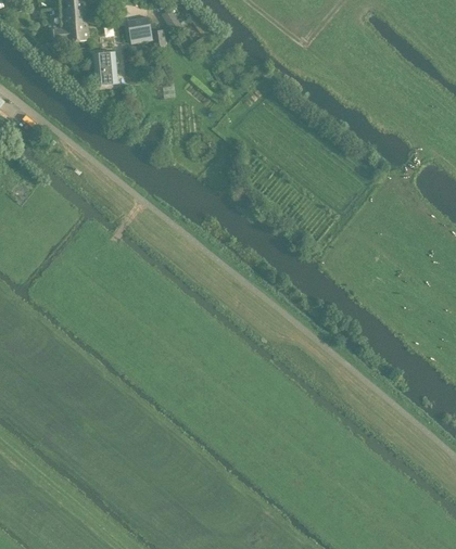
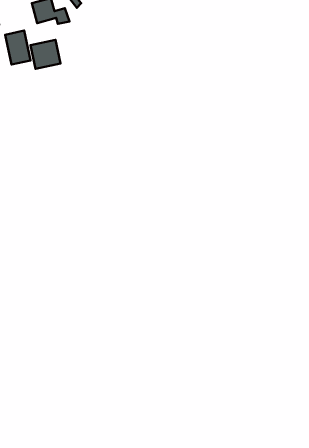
building: none -> [30,40,61,69]

